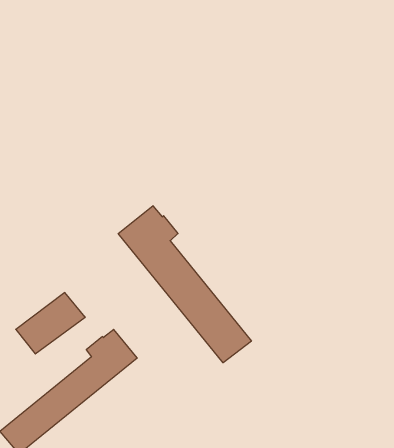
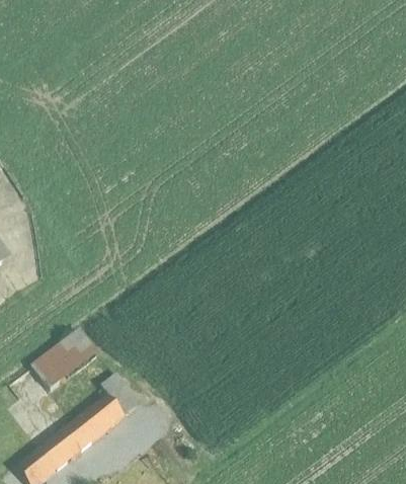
building: [118,206,251,363] -> none

